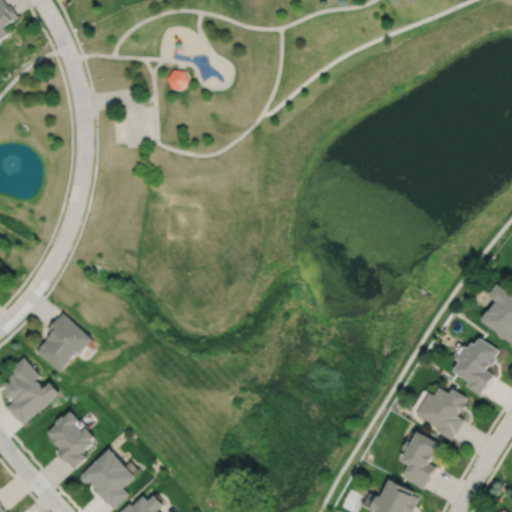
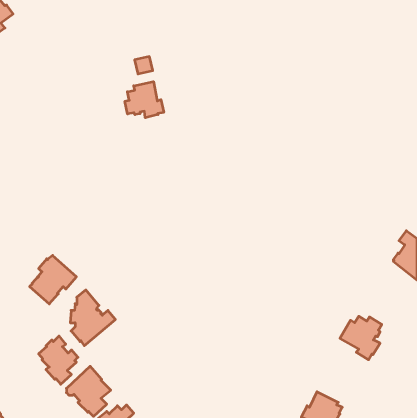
building: none -> [125,82,164,118]
building: [450,337,497,395] -> none
building: [5,357,60,425] -> [70,290,115,346]
building: [399,431,438,489] -> none

